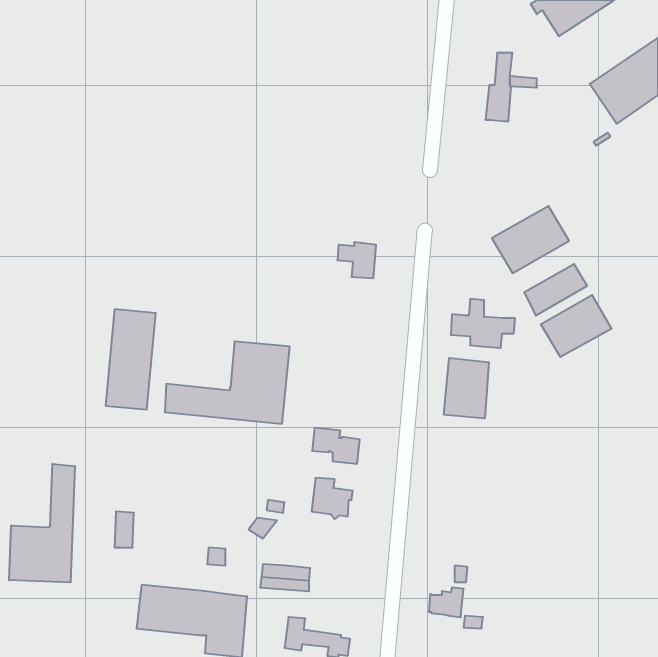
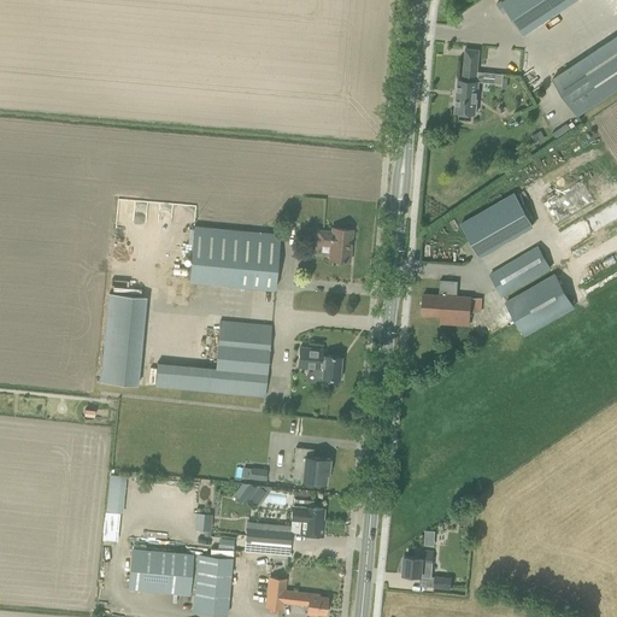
building: none -> [188,224,280,290]
building: [444,358,489,418] -> none
building: [312,428,360,464] -> [296,347,341,381]
building: [9,464,75,582] -> none
building: none -> [292,500,324,536]

